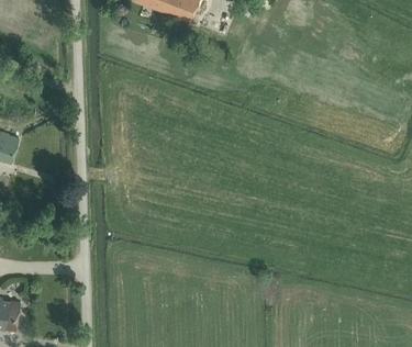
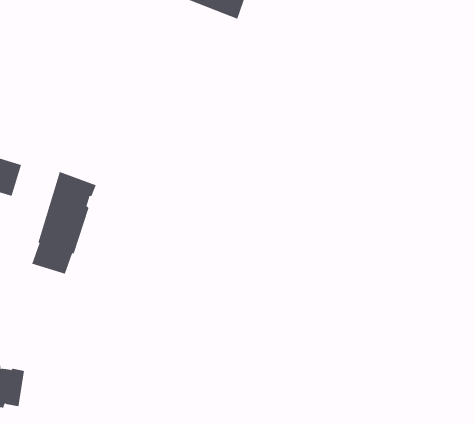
building: none -> [32,171,96,275]

